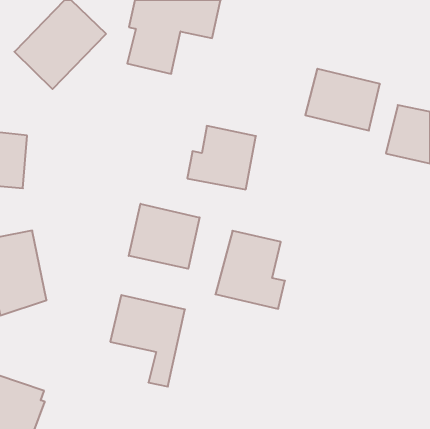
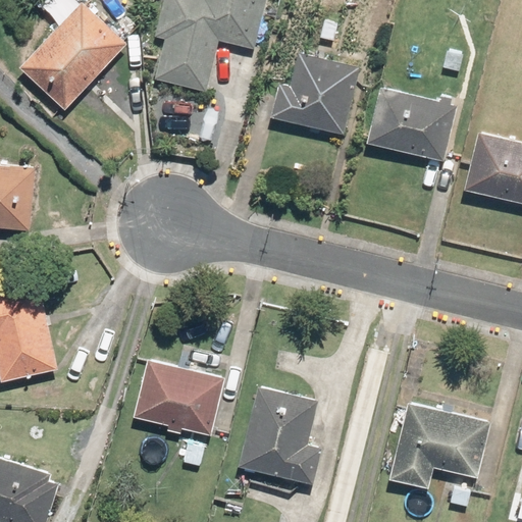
building: [187,126,256,189] -> [272,55,355,132]
building: [129,204,200,269] -> none
building: [215,231,285,309] -> [238,387,321,481]
building: none -> [389,404,491,489]

